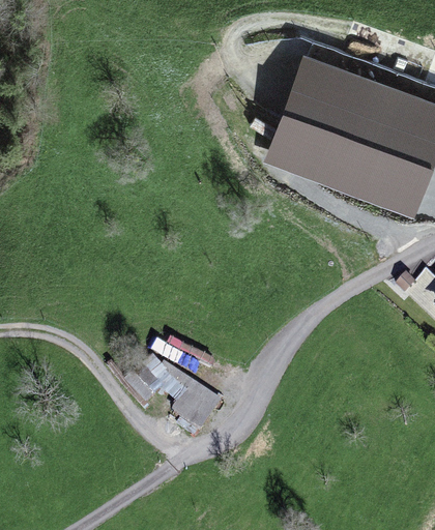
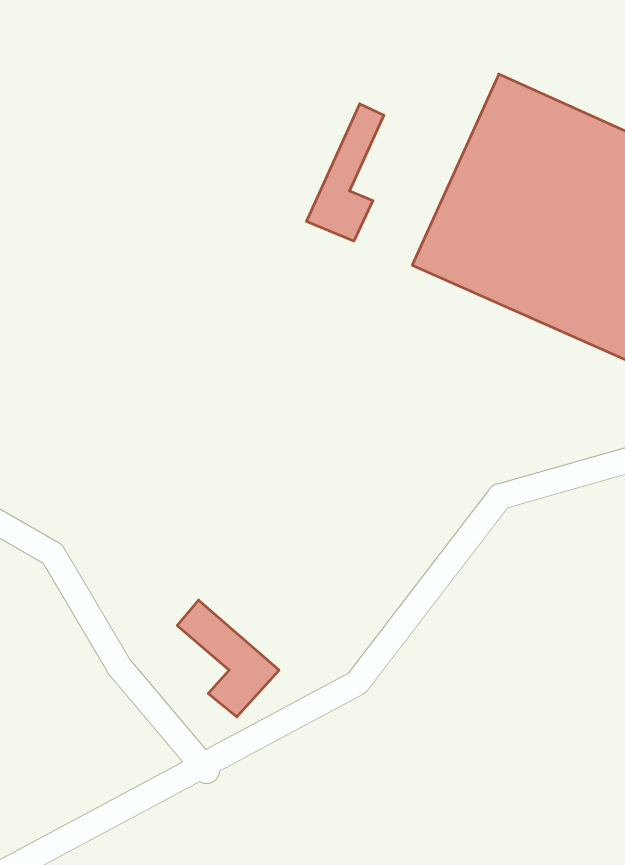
building: none -> [307,104,384,241]

